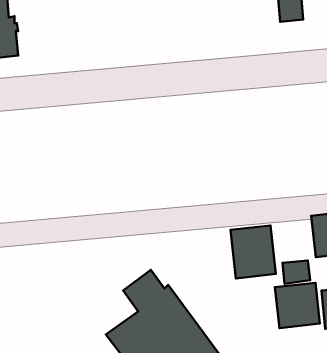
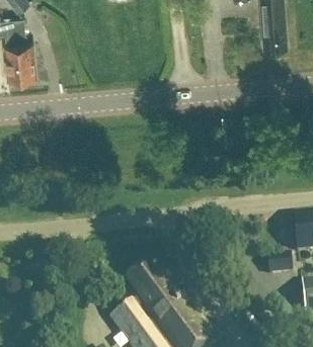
building: [230,225,276,278] -> none
building: [275,283,320,328] -> none

